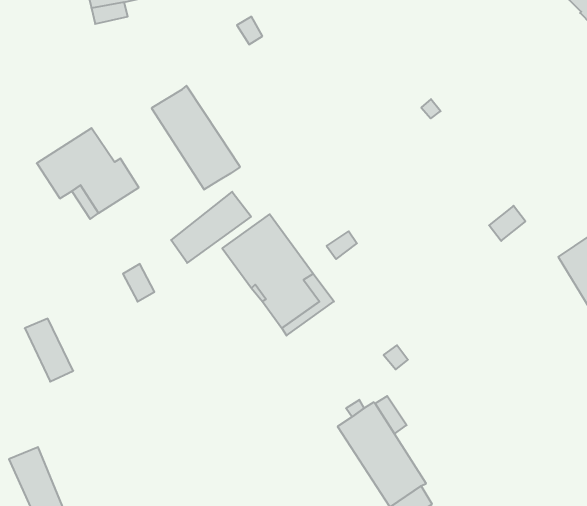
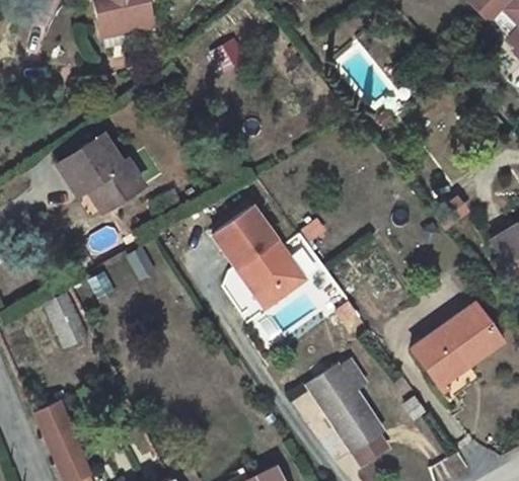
building: [152,86,240,190] -> none
building: [171,192,251,263] -> none
building: none -> [413,303,502,382]

